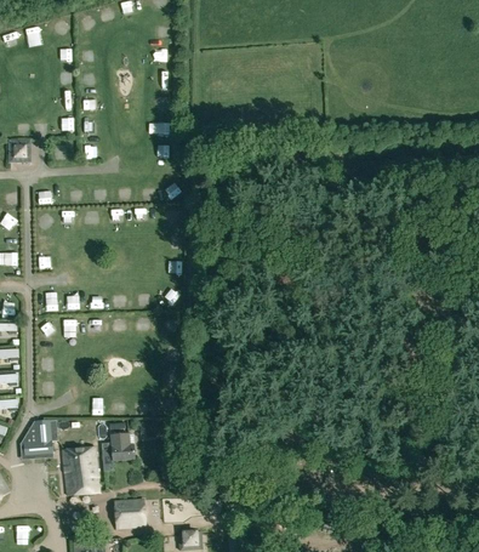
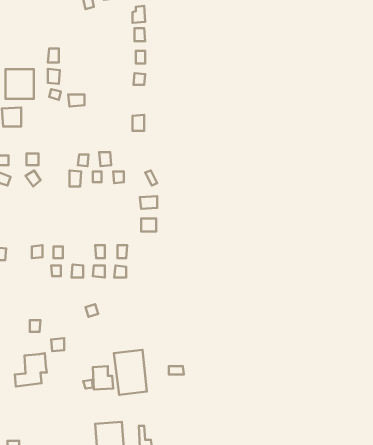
building: none -> [6,69,34,99]
building: [62,445,99,496] -> [114,350,147,395]

